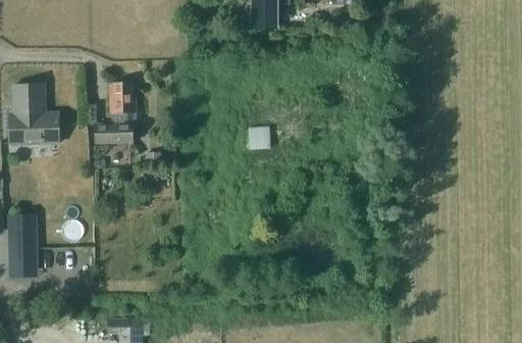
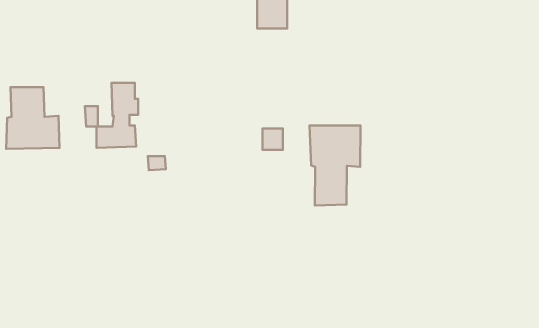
building: none -> [310,125,361,205]
building: [8,215,36,271] -> none

